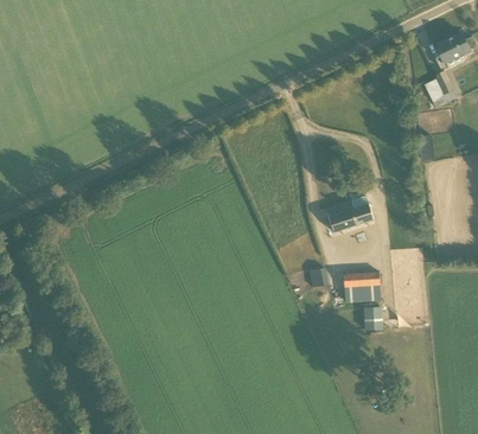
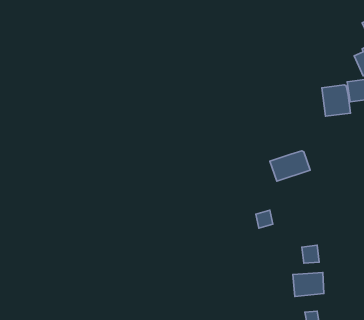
building: none -> [322,85,351,116]
building: [343,270,380,299] -> [293,272,324,296]

